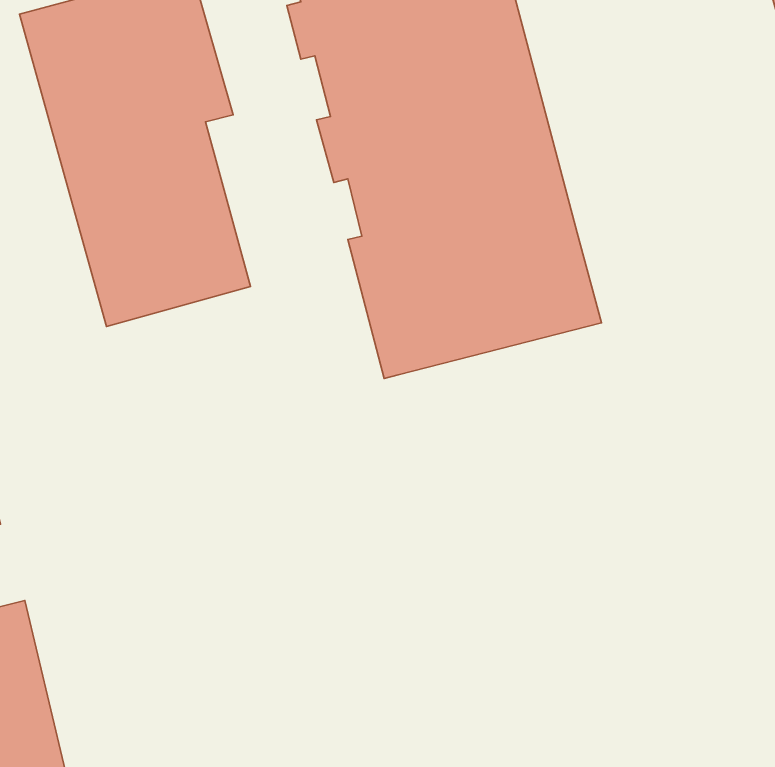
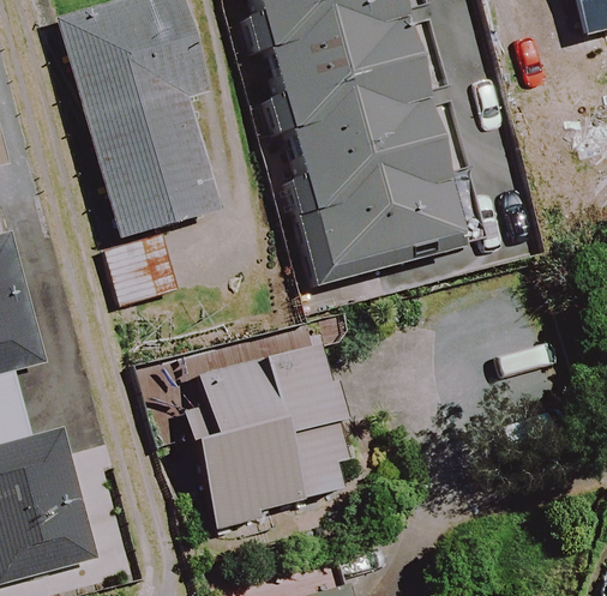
building: none -> [193,342,349,522]

